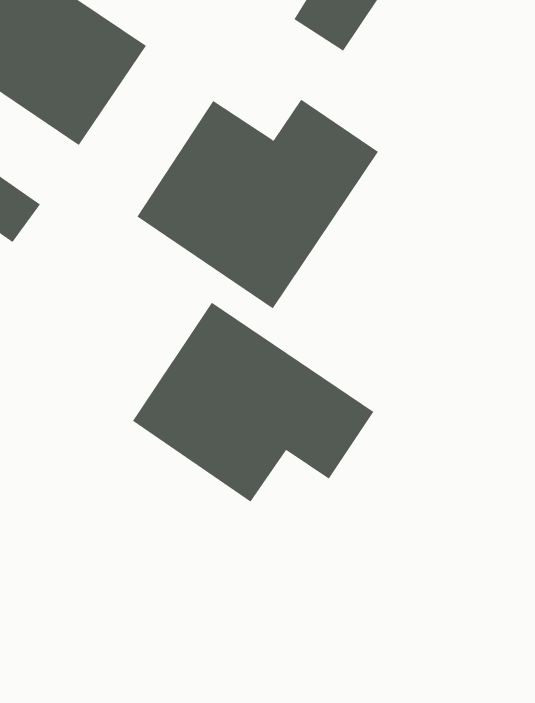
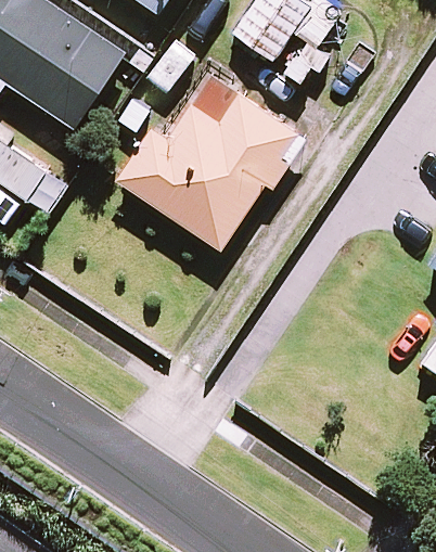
building: [132,302,374,503] -> none

